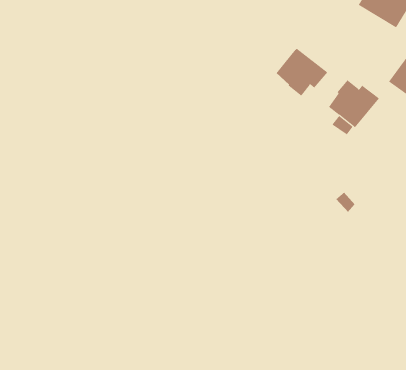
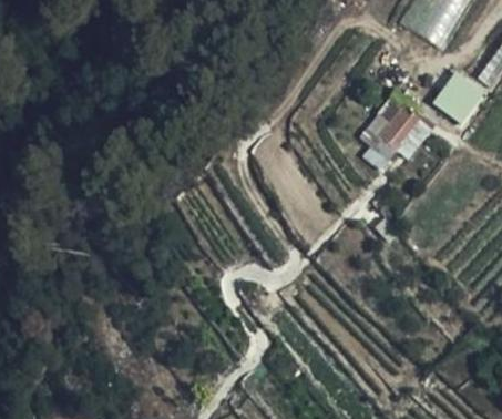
building: [276,48,328,96] -> none

